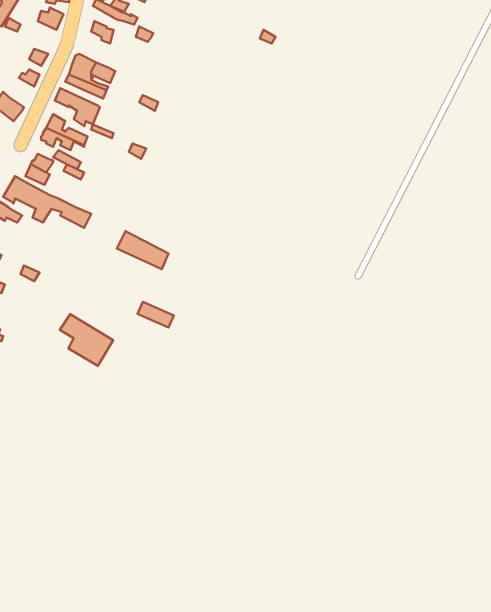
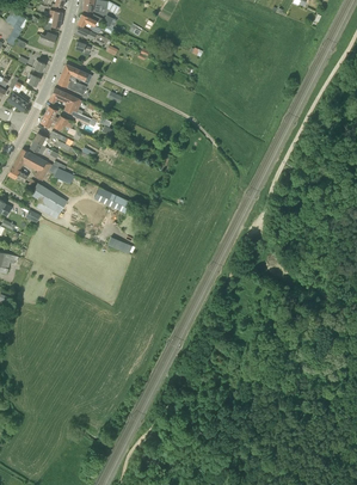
building: [60,314,113,366] -> [30,183,67,219]

